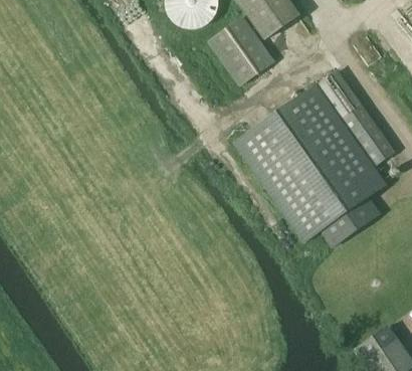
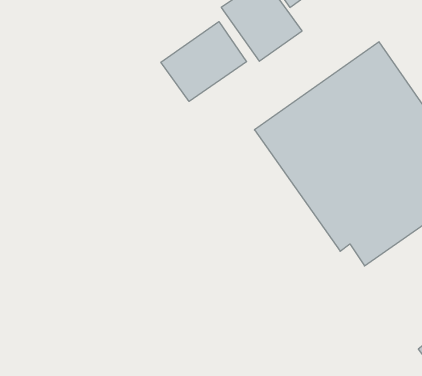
building: none -> [161,22,247,101]

